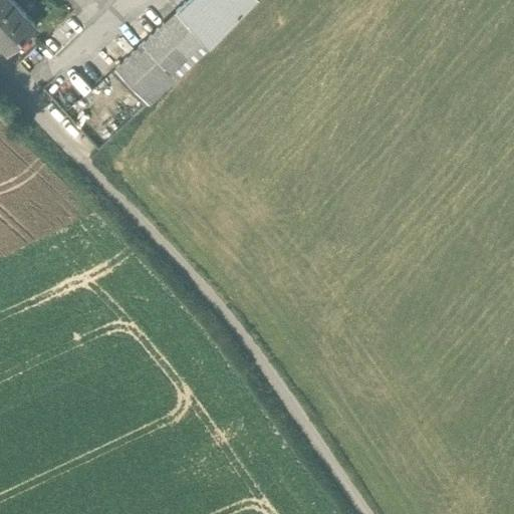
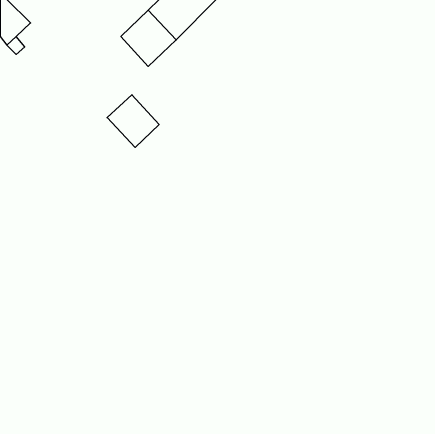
building: [113,43,175,105] -> [107,95,159,147]

